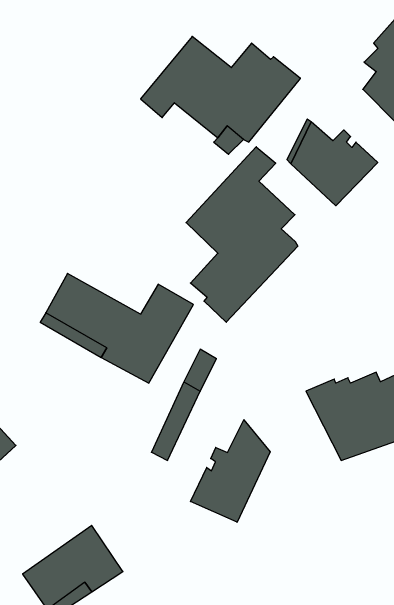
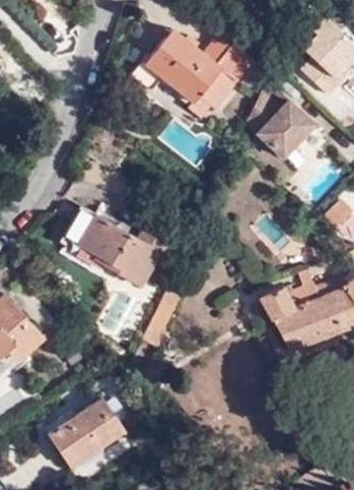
building: [186,147,298,322] -> none
building: [191,420,270,522] -> none

